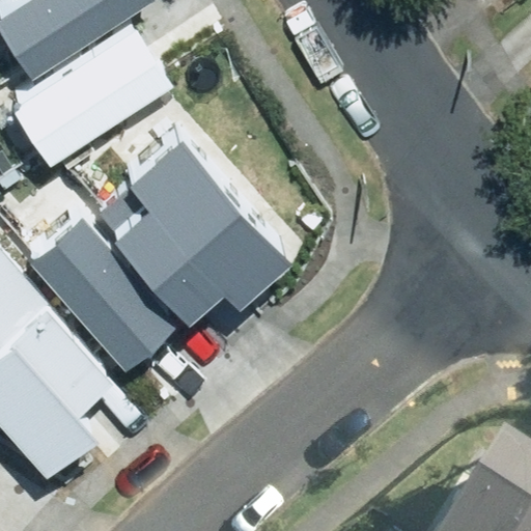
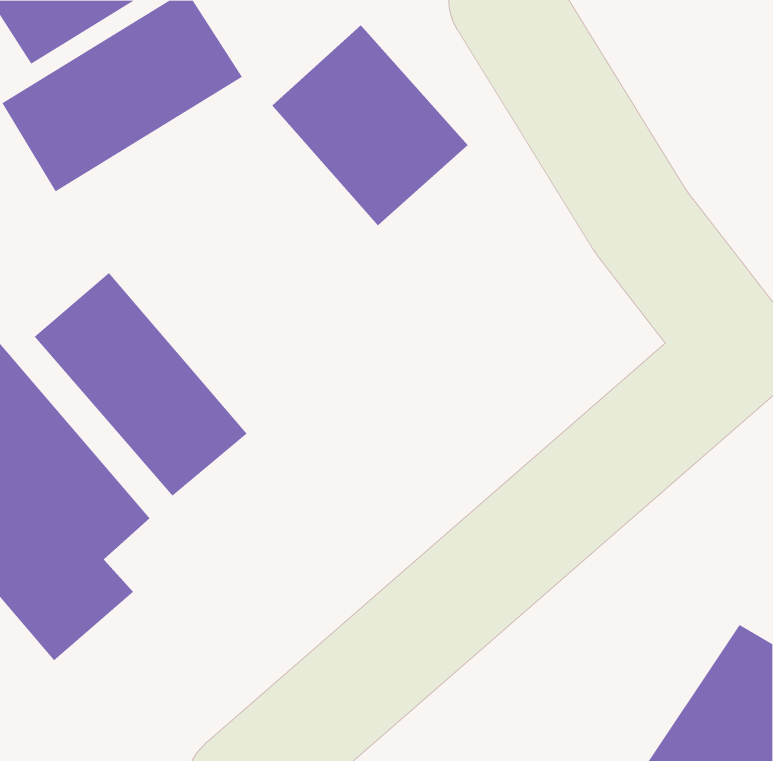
building: none -> [272,24,469,226]
building: [91,116,280,300] -> none

